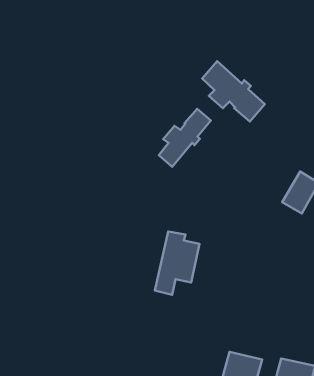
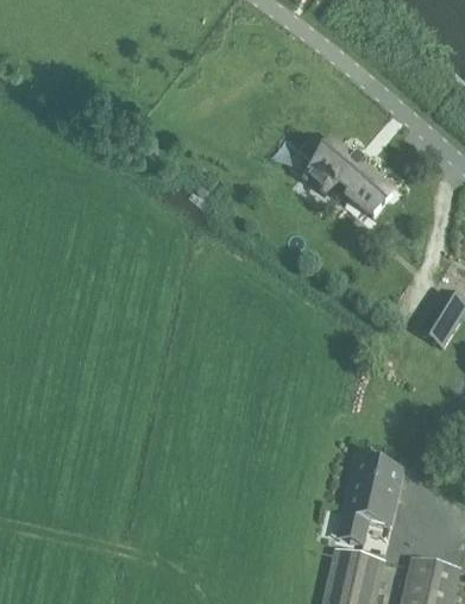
building: [159,109,211,167] -> none
building: [155,231,199,295] -> [340,455,404,547]

